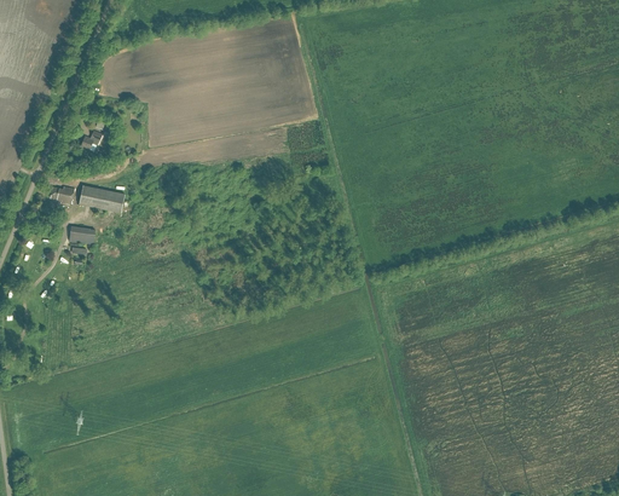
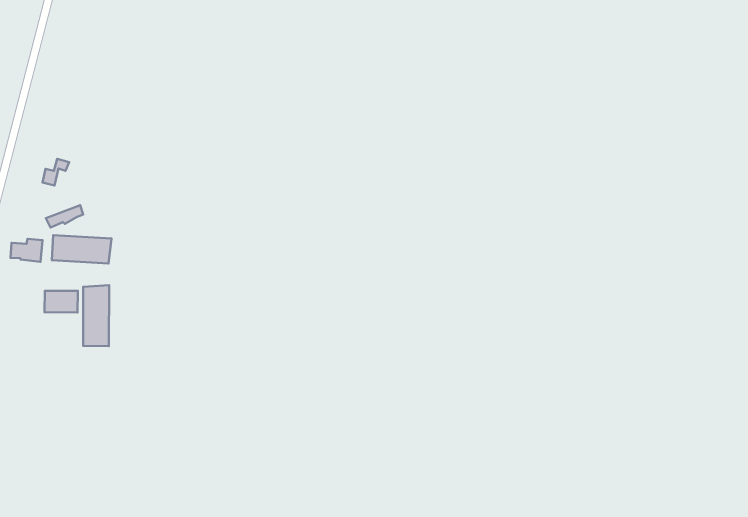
building: none -> [83,285,109,346]

